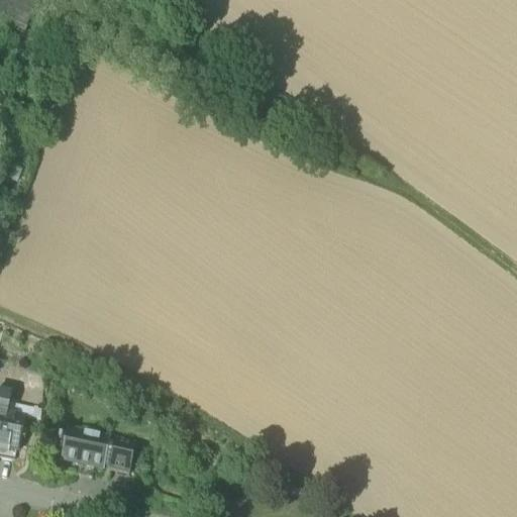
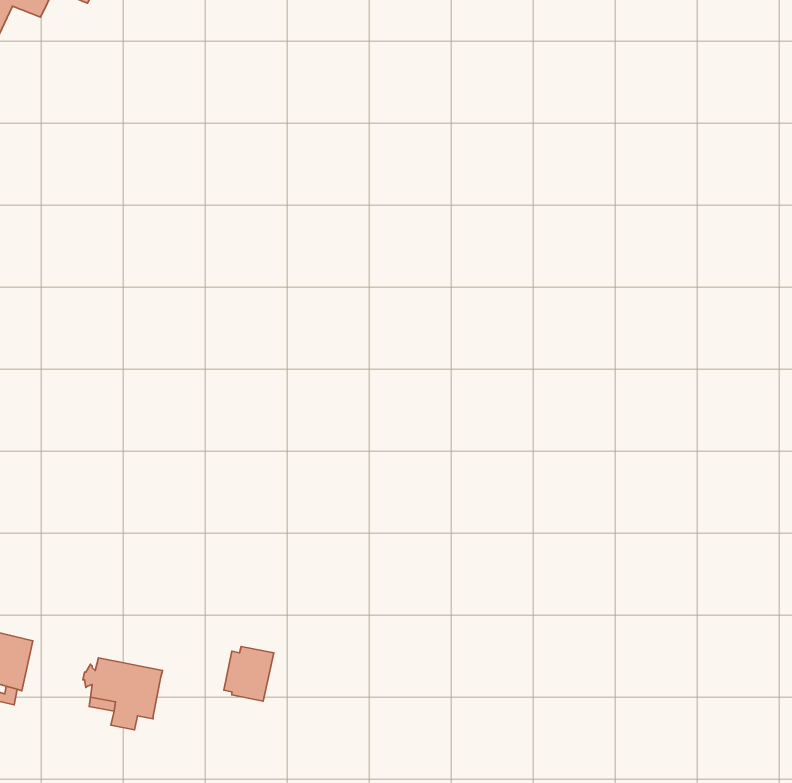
building: [99,434,131,470] -> [224,646,274,701]

